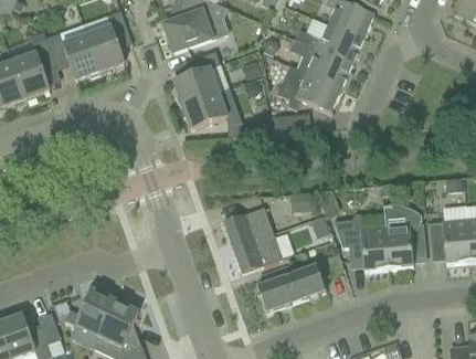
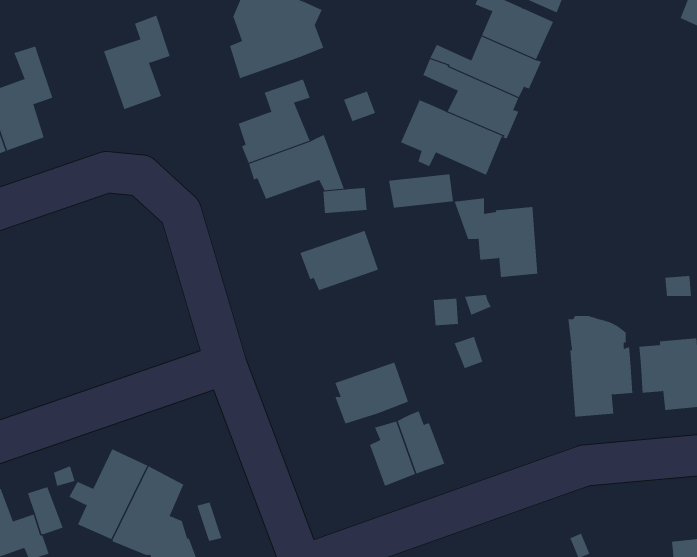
building: [45,24,99,81] -> none
building: [222,208,273,246] -> [299,230,379,291]
building: [334,220,388,271] -> [454,198,538,277]
building: [295,264,325,298] -> none

